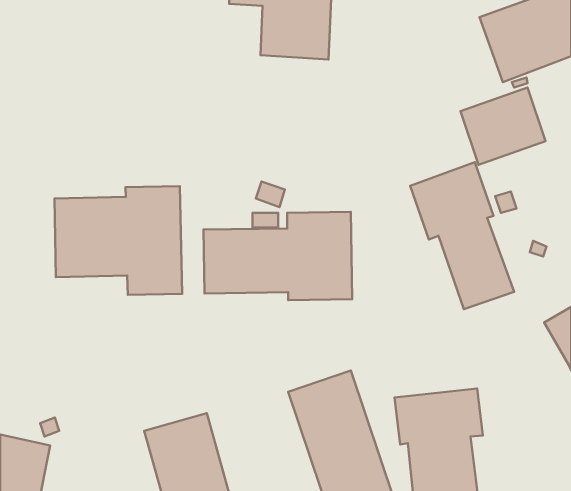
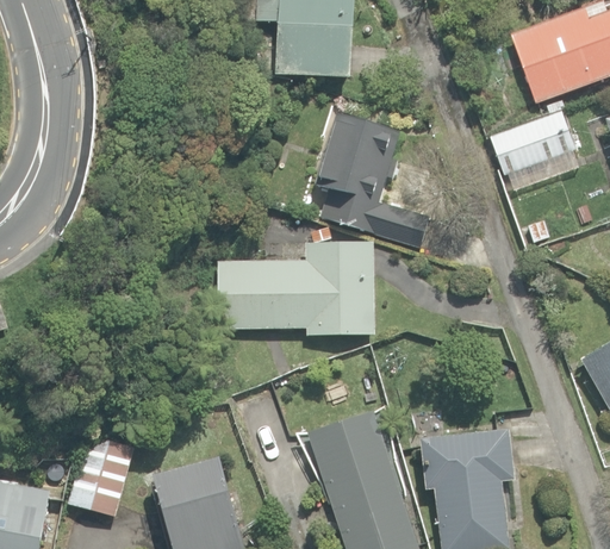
building: none -> [315,111,428,247]
building: [410,162,514,309] -> none
building: [55,186,182,295] -> none
building: none -> [68,433,135,516]

